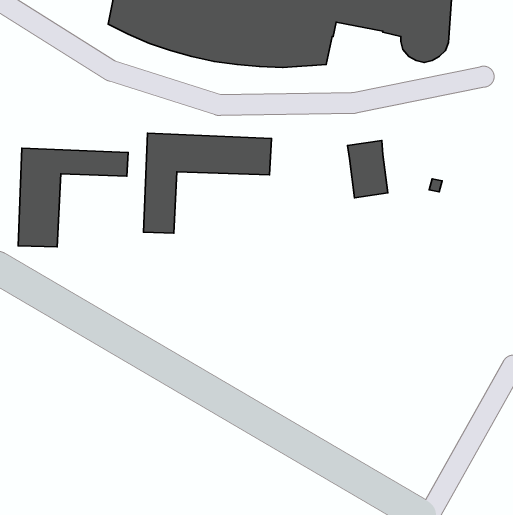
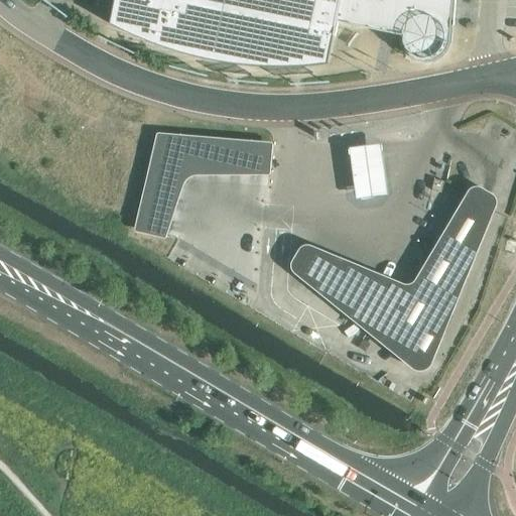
building: [18,148,128,247] -> none
building: none -> [290,184,496,371]

